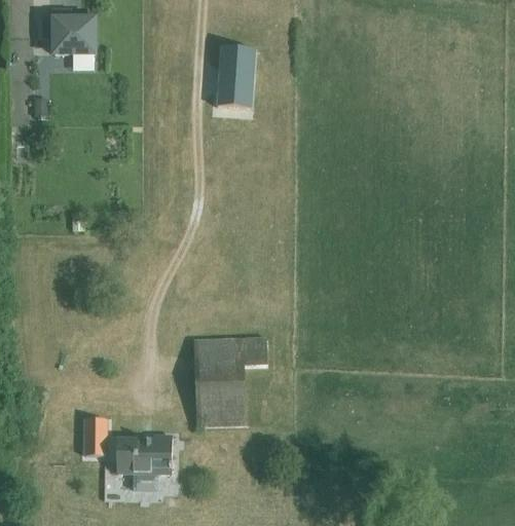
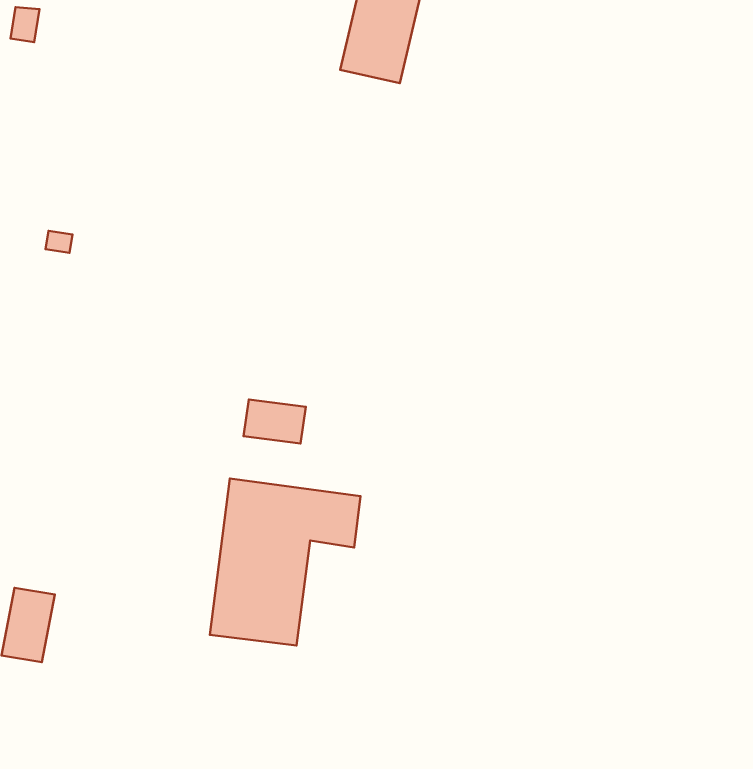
building: none -> [243,399,306,443]
building: [116,436,174,490] -> none

